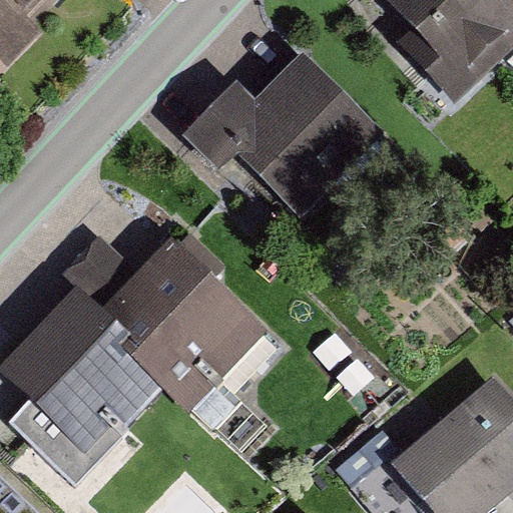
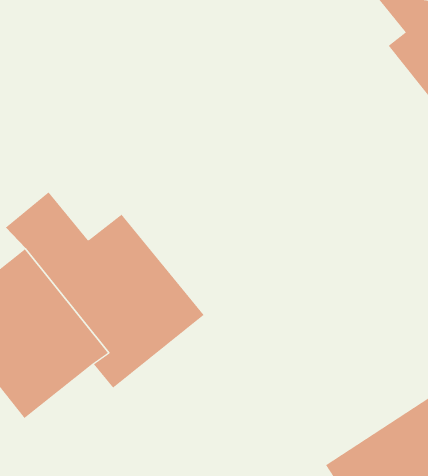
building: [186,59,379,217] -> none

